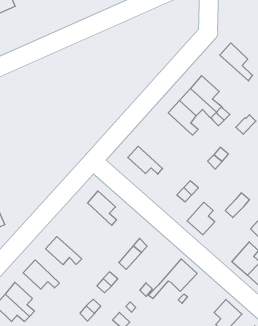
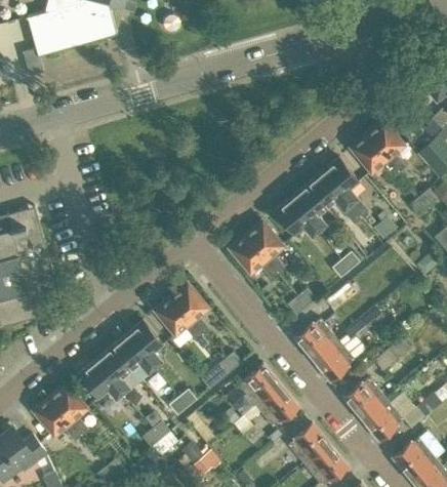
building: none -> [352,134,399,177]
building: none -> [275,198,318,236]
building: none -> [247,221,282,268]
building: none -> [156,297,199,335]
building: none -> [313,344,355,380]
building: none -> [127,320,163,367]
building: none -> [239,364,281,414]
building: none -> [95,348,130,394]
building: none -> [287,424,330,459]

